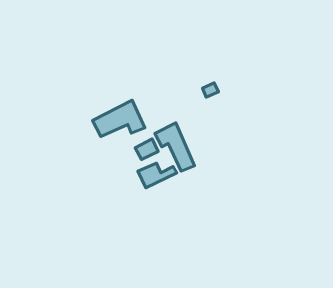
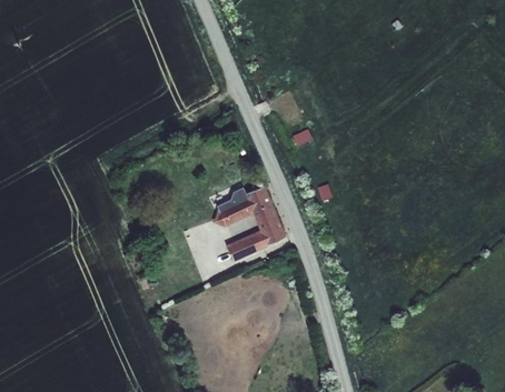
building: [92,100,145,136] -> none

